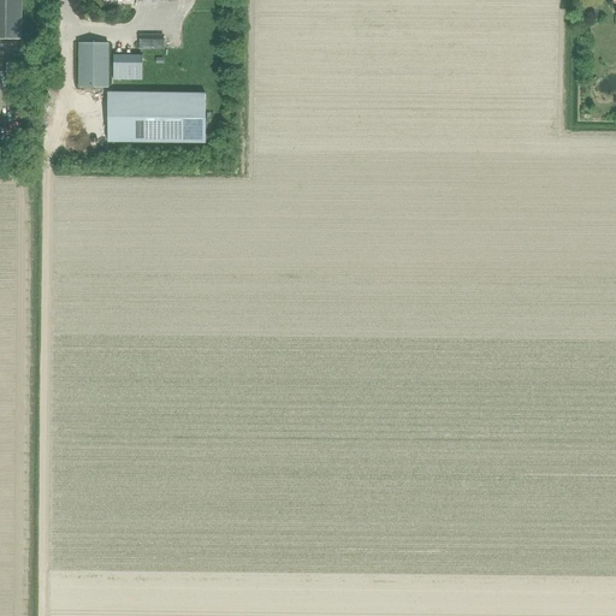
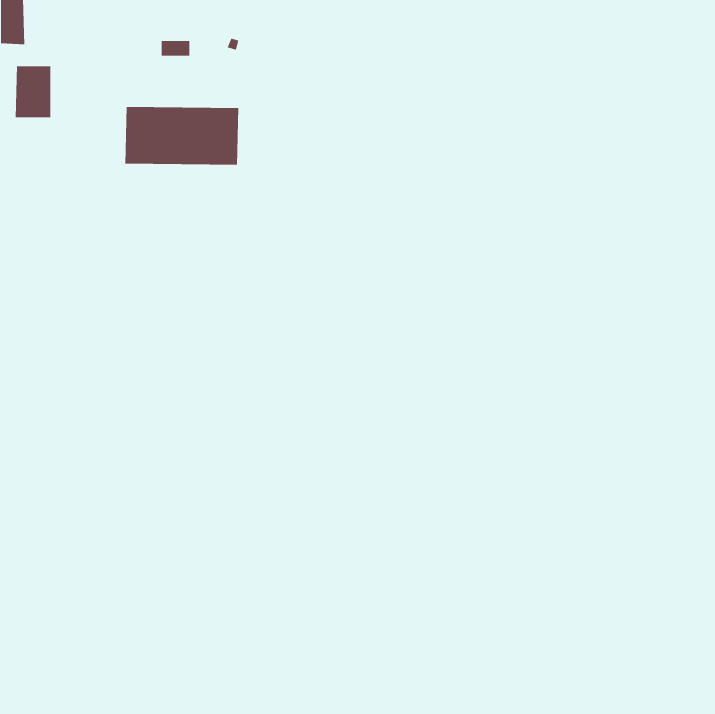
building: [77,42,108,87] -> [15,66,51,118]
building: [113,54,142,78] -> none

